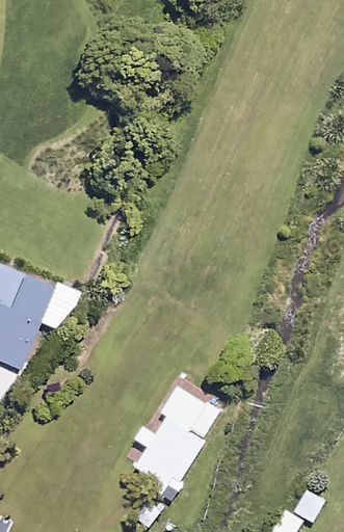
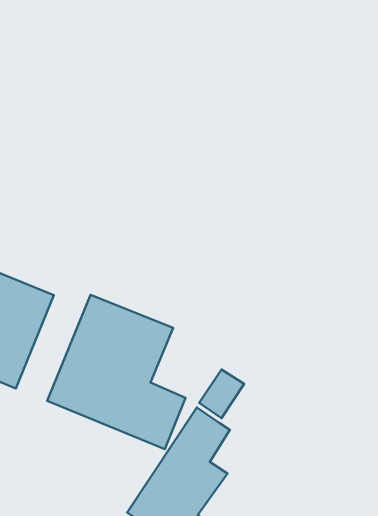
building: none -> [47,295,186,449]

